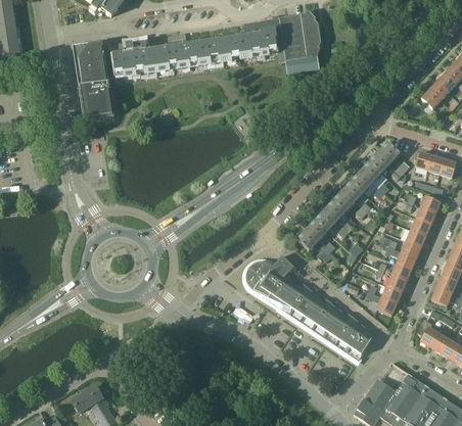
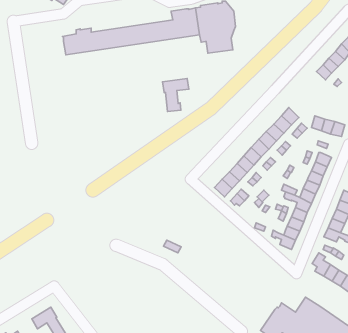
building: [73,42,114,121] -> none
building: none -> [162,78,189,112]
building: [245,254,377,361] -> none

